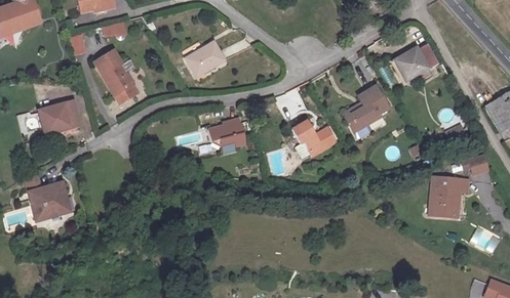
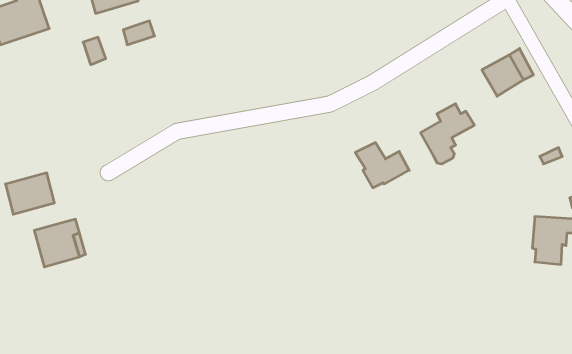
building: [186,42,225,76] -> none
building: [94,49,141,103] -> none
building: [39,100,79,134] -> [5,173,54,214]
building: [206,116,245,152] -> none

